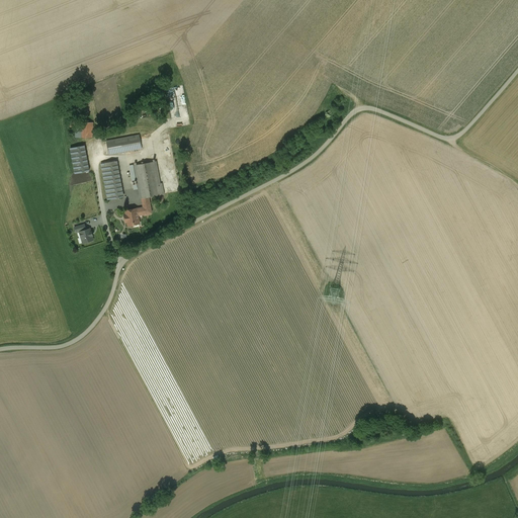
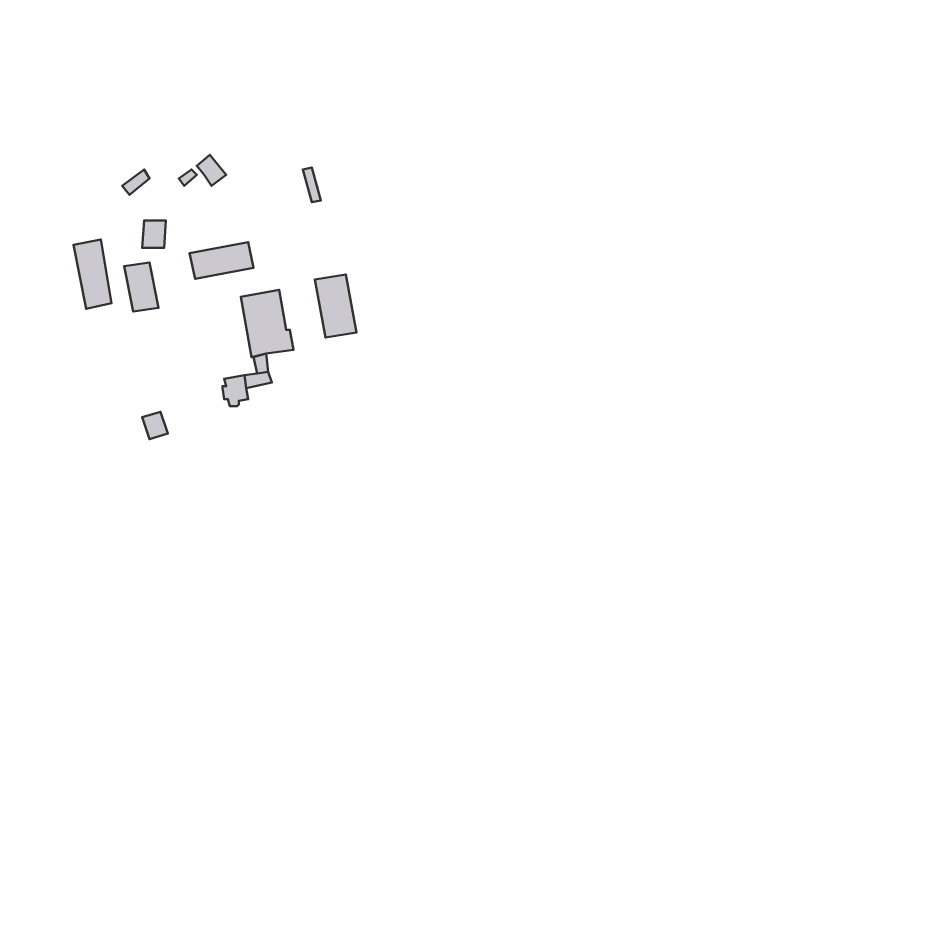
building: none -> [315,275,356,338]
building: [100,161,121,199] -> [73,239,112,309]

